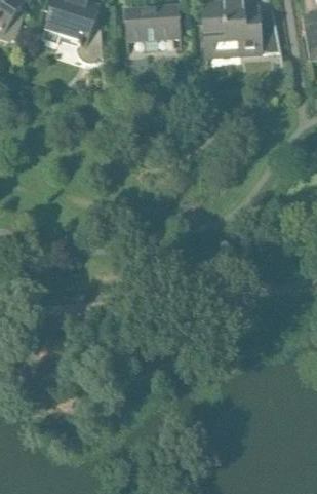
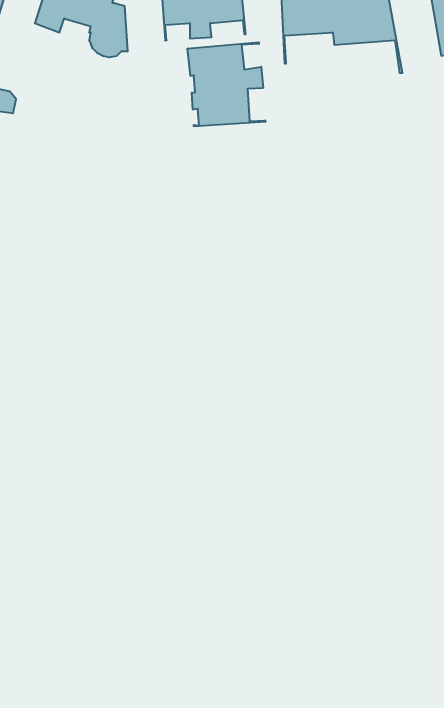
building: none -> [188,42,265,126]

